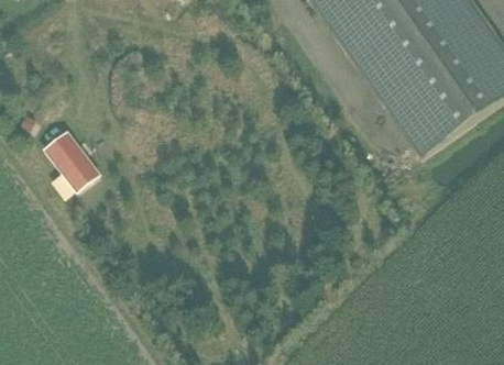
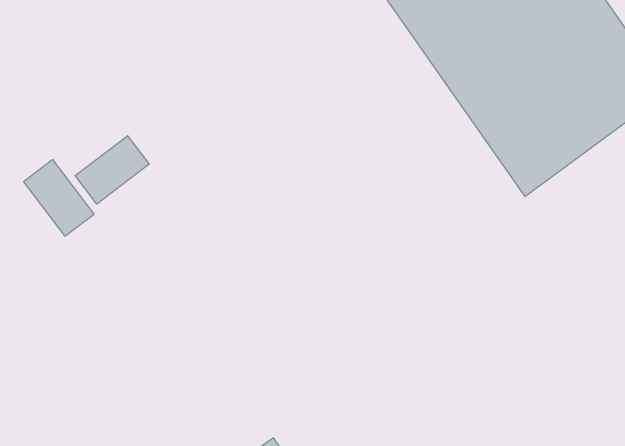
building: none -> [75,136,149,204]

